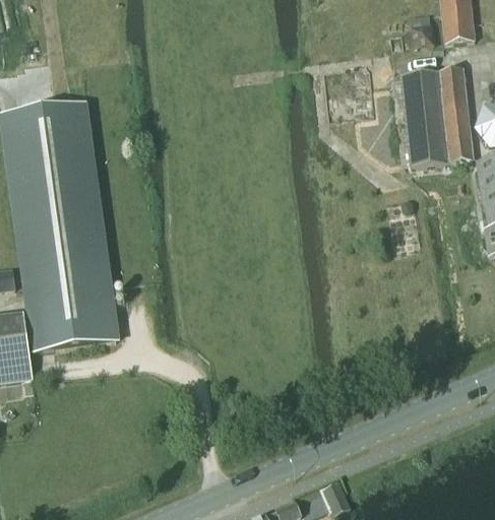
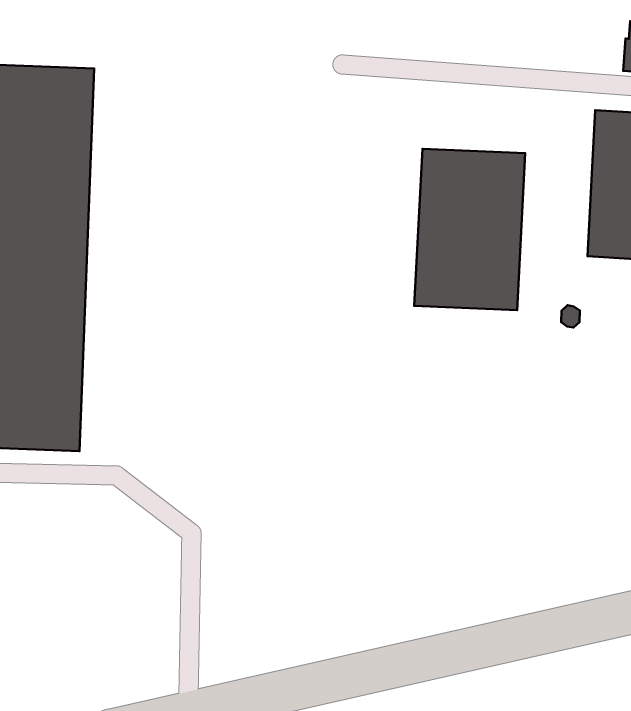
building: none -> [414,149,525,310]

